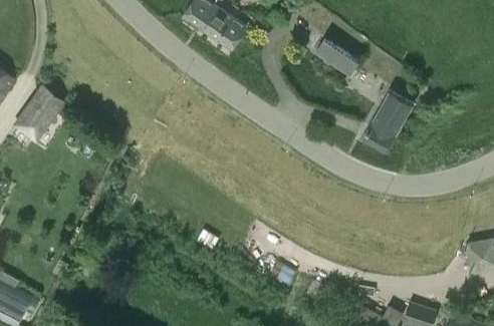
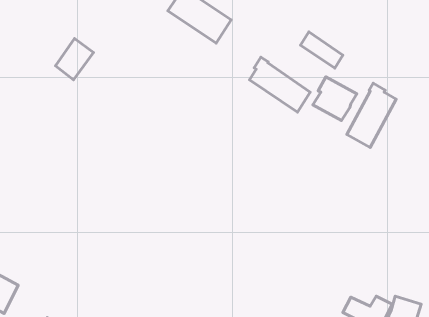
building: none -> [249,57,310,112]
building: none -> [313,77,357,121]
building: [23,87,61,128] -> [55,39,94,80]

